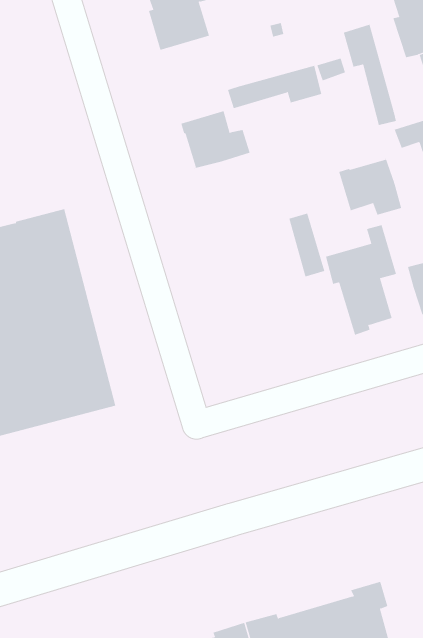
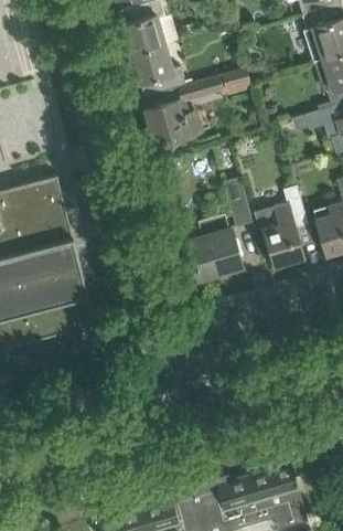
building: [343,24,396,126] -> none
building: none -> [129,46,186,98]
building: [339,157,402,215] -> none
building: none -> [186,216,240,282]

